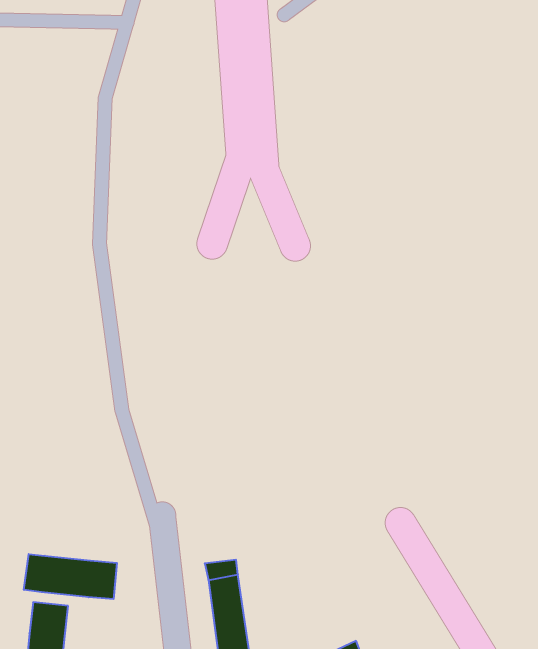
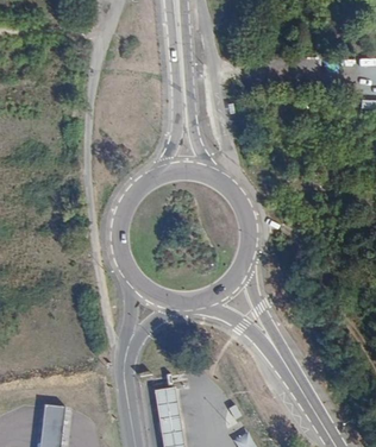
building: [24,554,117,599] -> none

